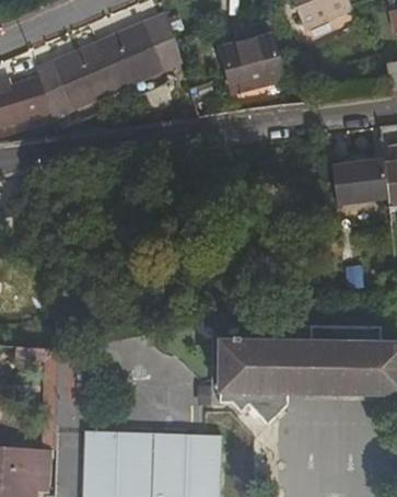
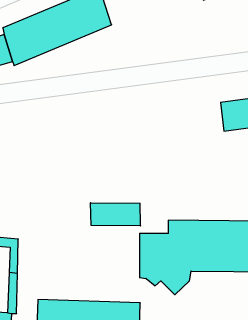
building: [221,34,283,92] -> none
building: none -> [91,203,140,226]

